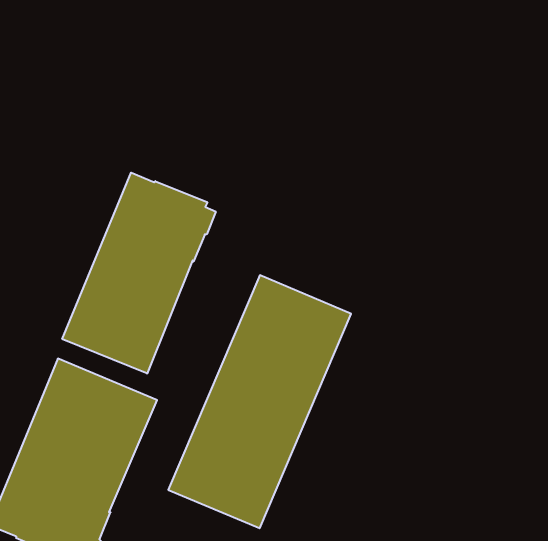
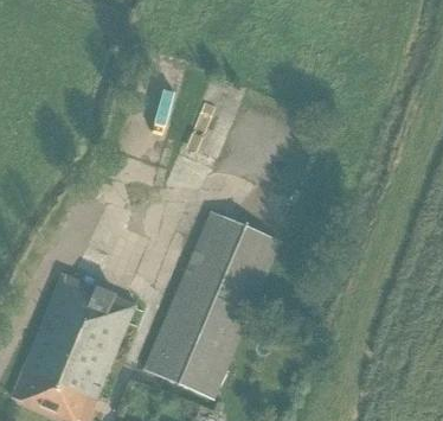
building: [62,173,216,374] -> none

